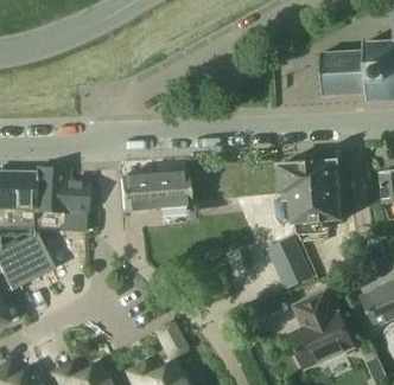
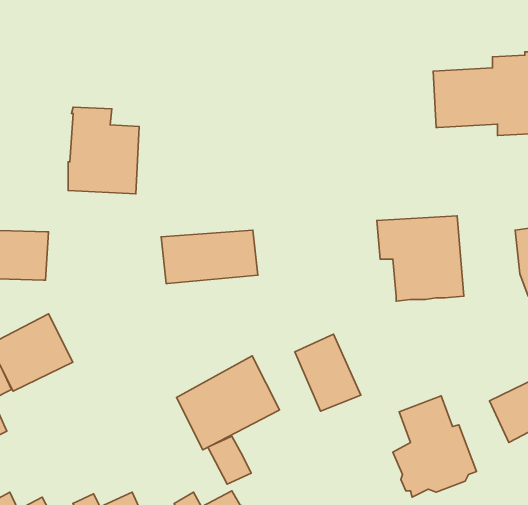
building: [33,168,85,232] -> [68,107,139,194]
building: [267,236,316,293] -> [295,334,361,411]
building: none -> [177,356,280,450]

